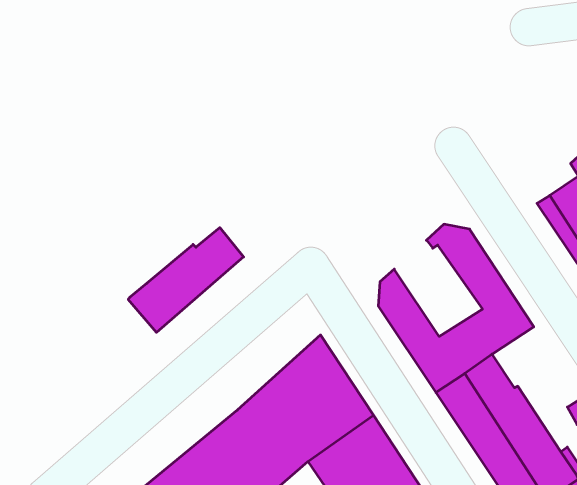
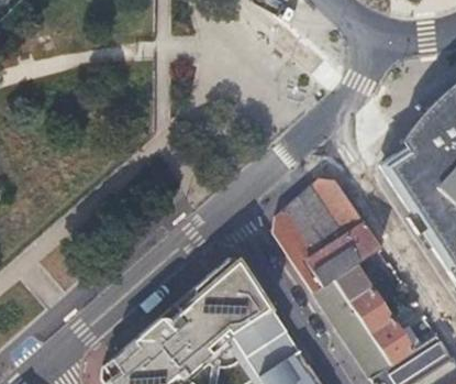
building: [128,228,244,332] -> none
building: none -> [286,188,346,254]

